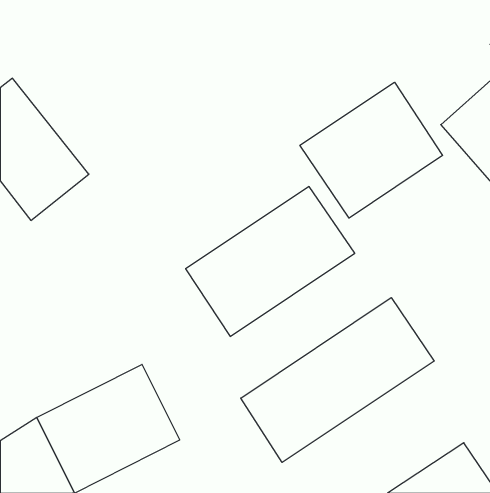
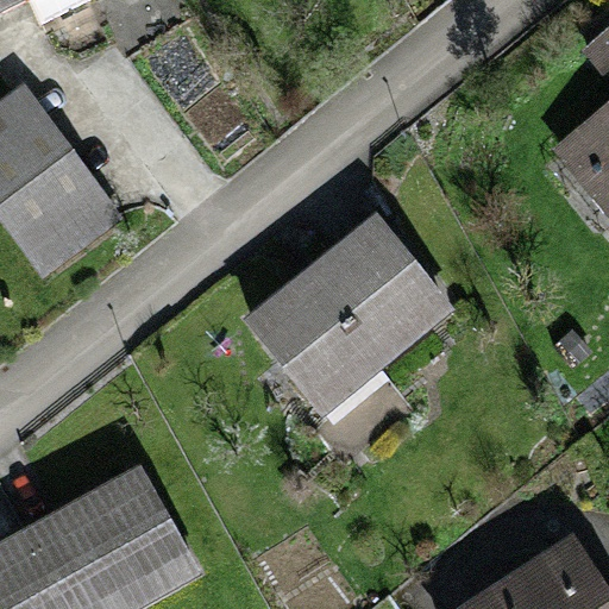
building: [300,82,443,218] -> none
building: [241,298,434,462] -> none

